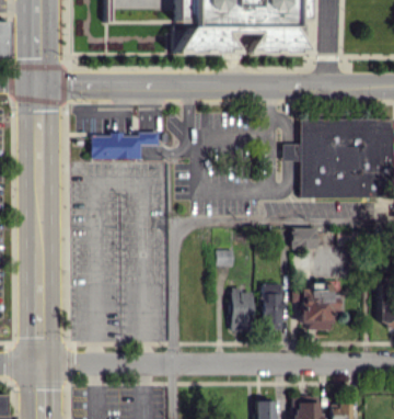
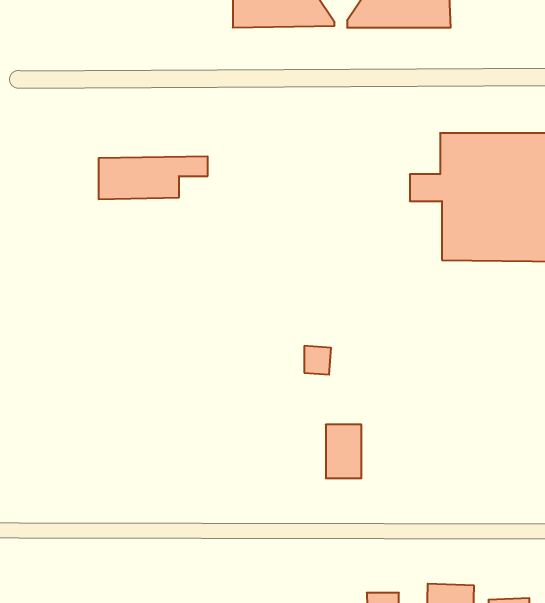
building: [293,227,320,249] -> none
building: [294,283,346,328] -> none
building: [264,284,285,330] -> none

